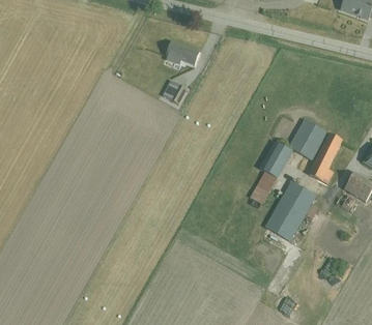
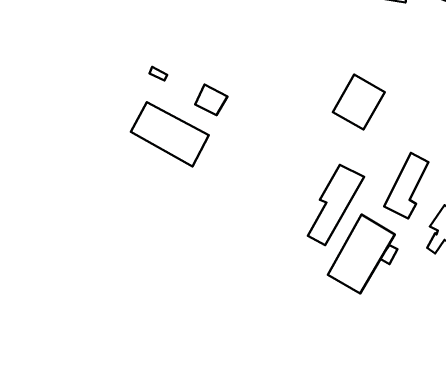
building: [166,40,199,63] -> none
building: none -> [131,102,209,166]
building: [287,117,327,159] -> [333,75,385,130]

